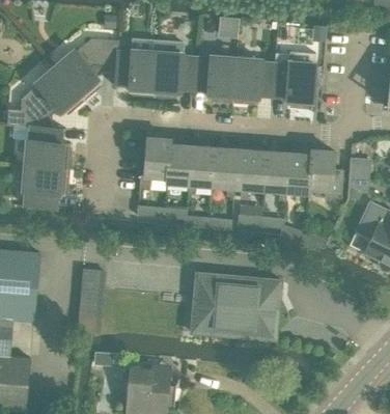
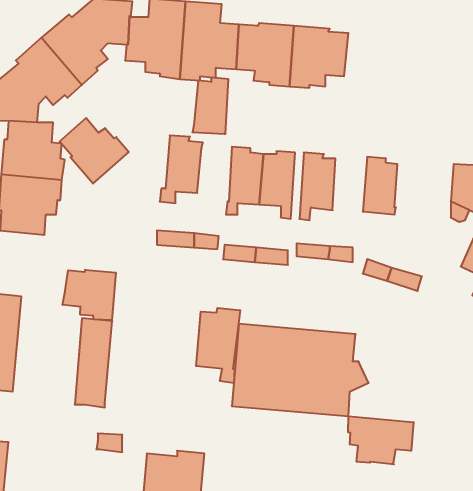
building: [272,52,317,108] -> none
building: none -> [60,118,129,184]
building: [165,144,191,185] -> [192,78,228,134]
building: [308,150,343,199] -> none
building: [263,151,288,201] -> none
building: none -> [63,270,116,320]
building: none -> [196,308,240,383]
building: none -> [348,416,414,464]

